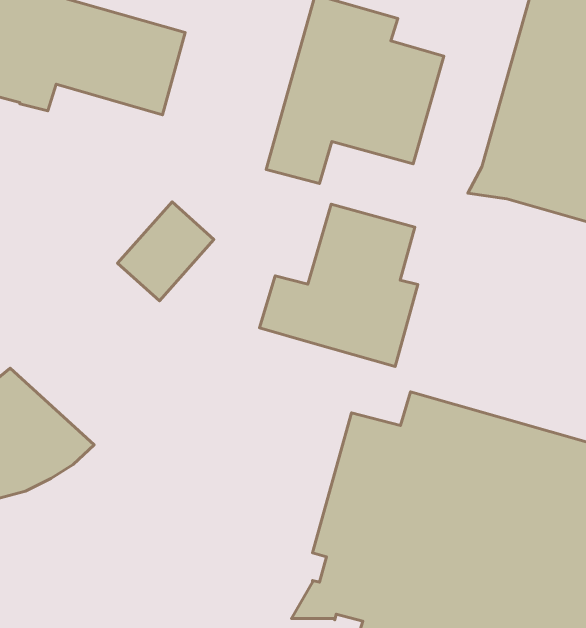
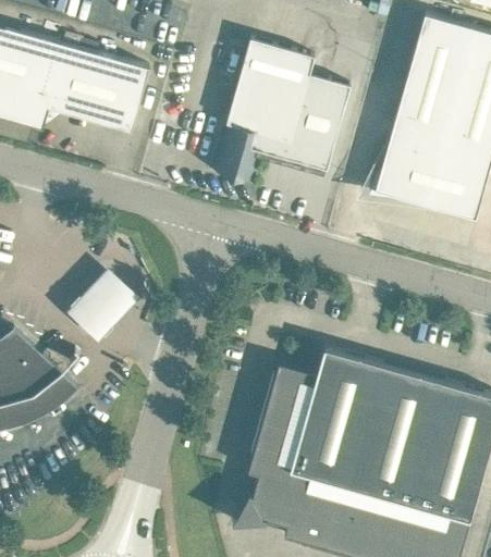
building: [117,202,214,301] -> [66,272,142,349]
building: [260,204,418,366] -> none

